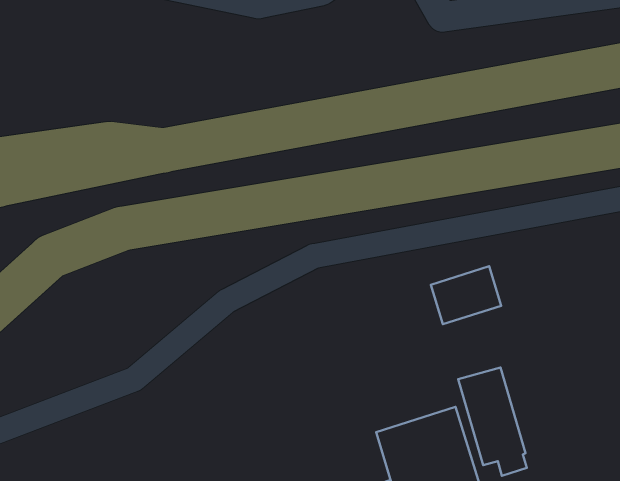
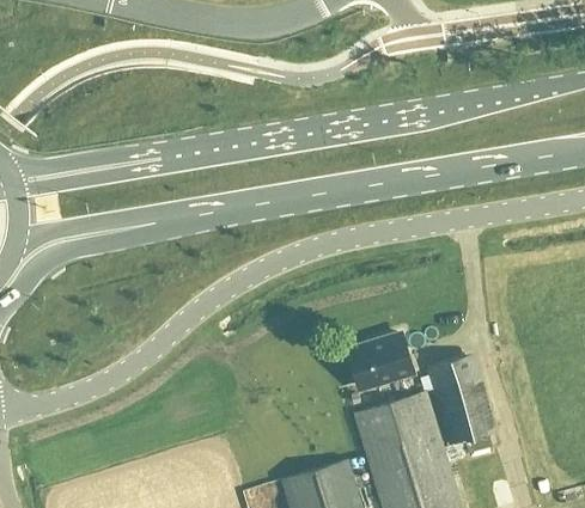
building: [431,266,501,324] -> [349,335,413,387]

